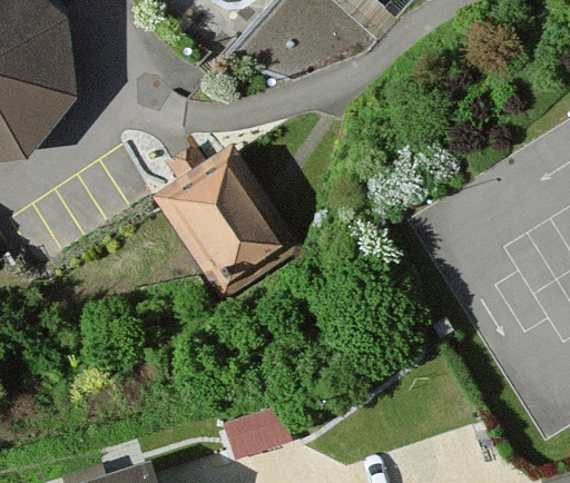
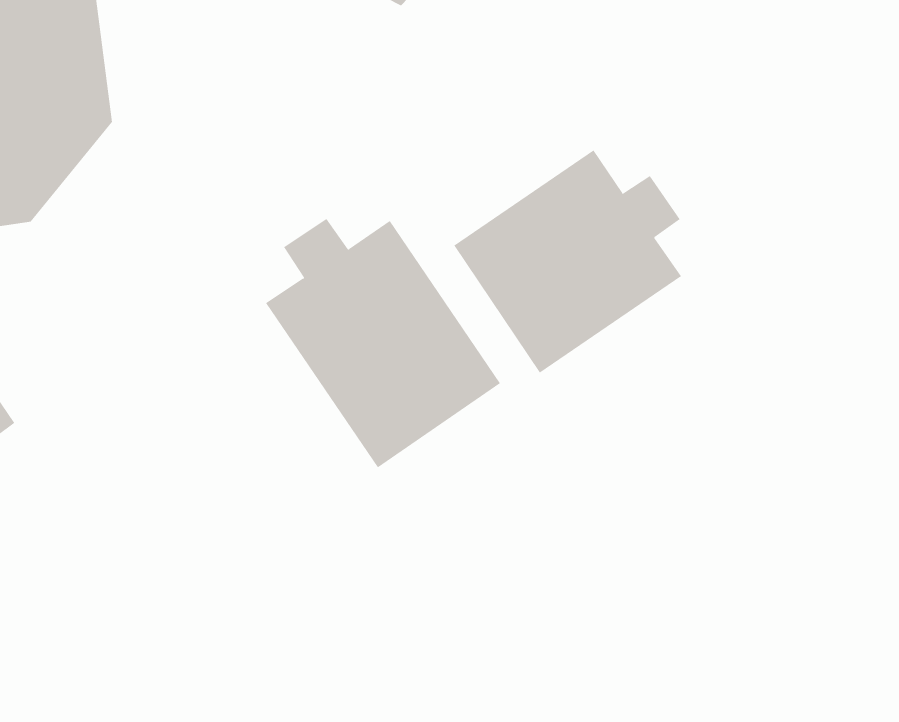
building: none -> [454,149,682,373]

